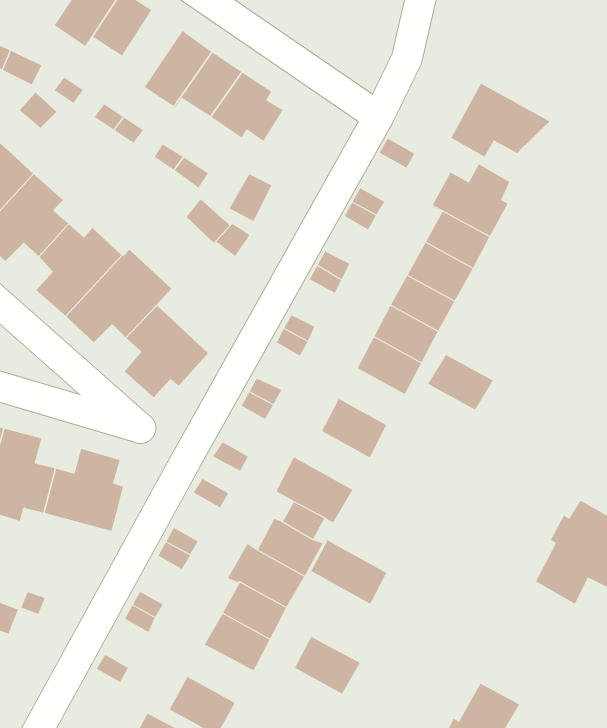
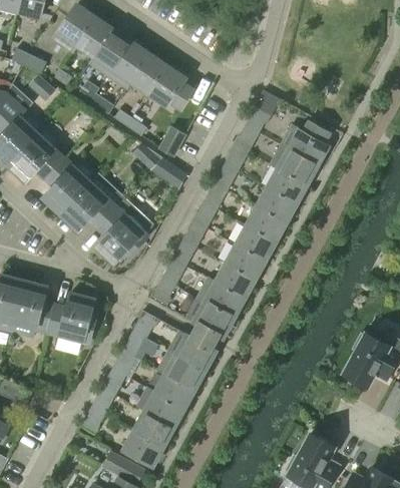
building: none -> [91,29,131,75]
building: [451,83,551,157] -> none
building: [427,354,494,411] -> [226,245,266,279]
building: [310,539,387,604] -> [198,279,245,318]
building: [294,636,361,694] -> [134,411,174,446]

